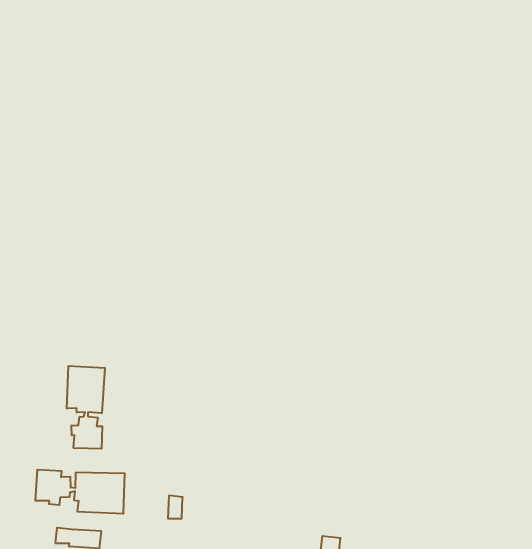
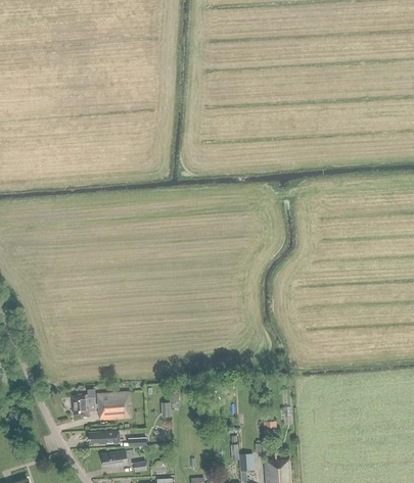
building: [67,366,105,449] -> none

